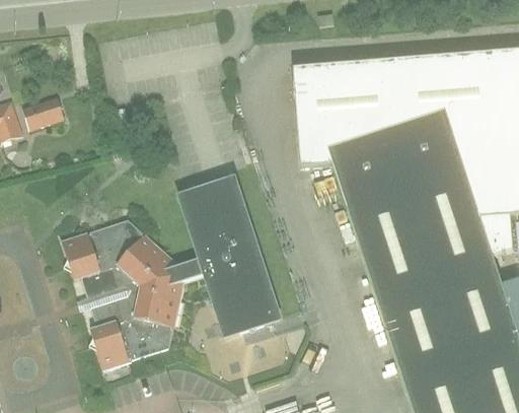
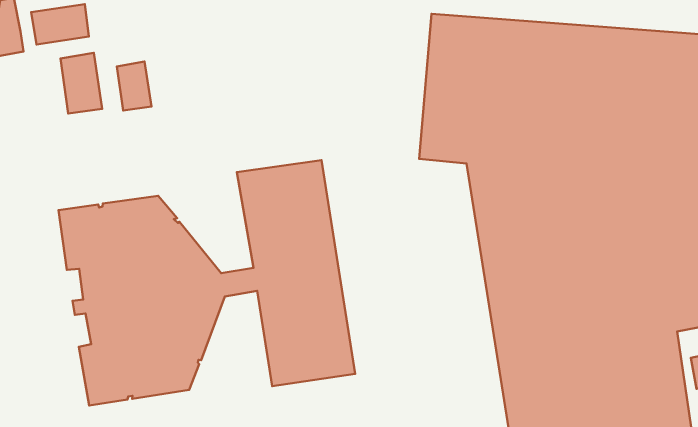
building: none -> [61,53,102,113]
building: none -> [117,62,151,111]

